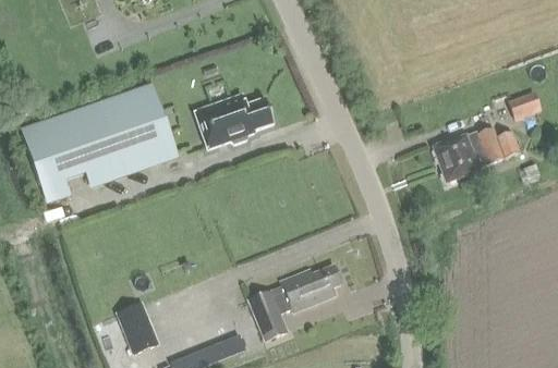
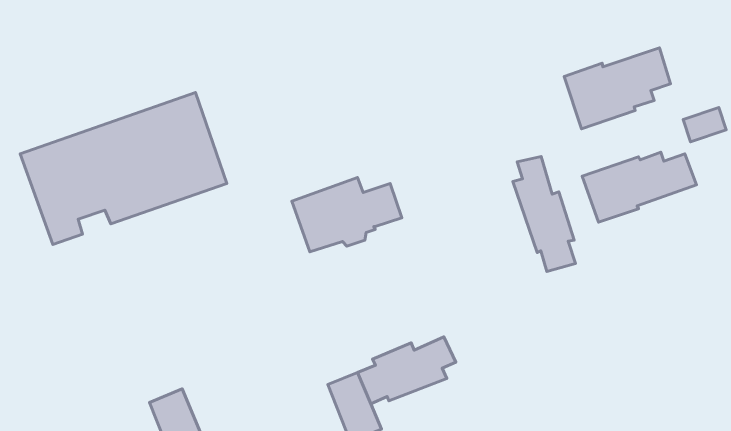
building: none -> [564,48,671,129]
building: [194,93,275,147] -> [292,178,402,252]
building: none -> [513,156,575,272]

